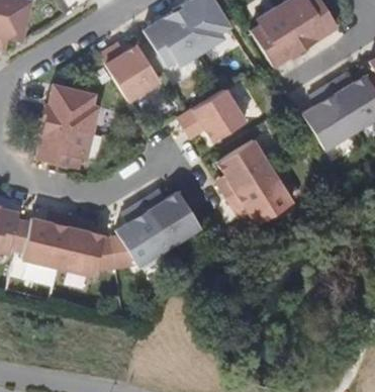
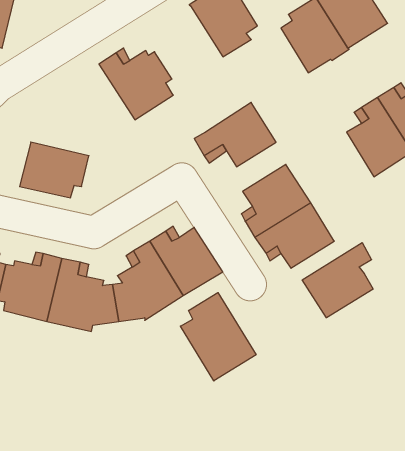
building: [144,10,201,70] -> none
building: [42,84,98,132] -> none
building: none -> [302,243,373,318]
building: none -> [180,293,256,381]

